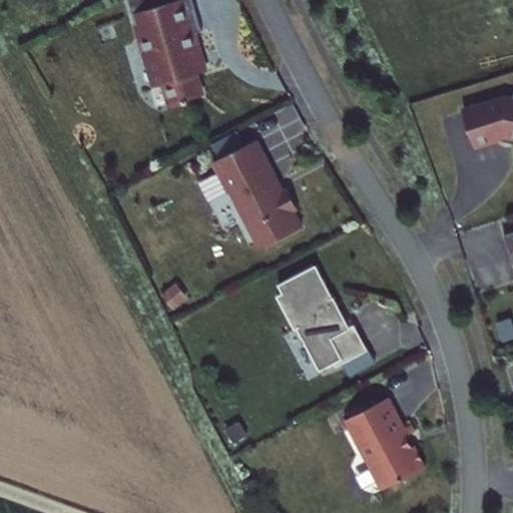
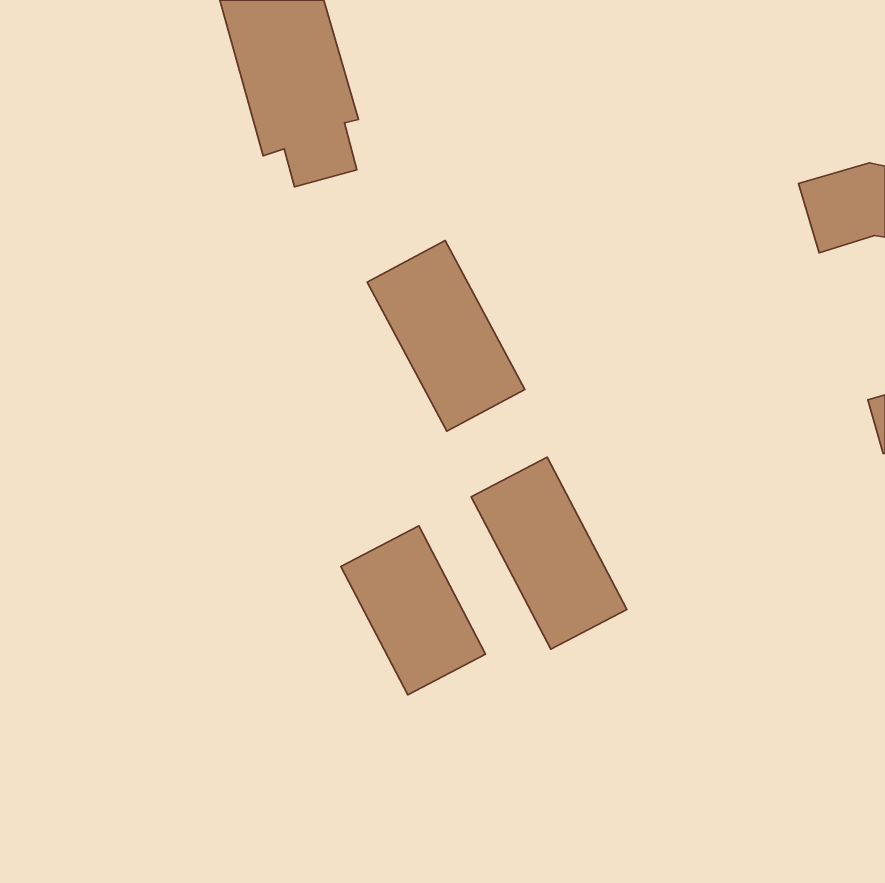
building: none -> [341,526,486,695]
building: [342,395,429,492] -> none

